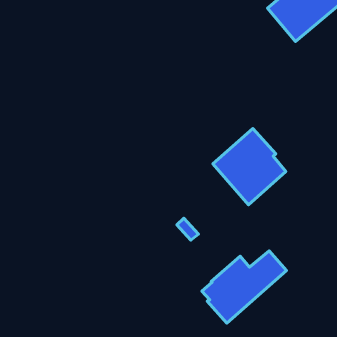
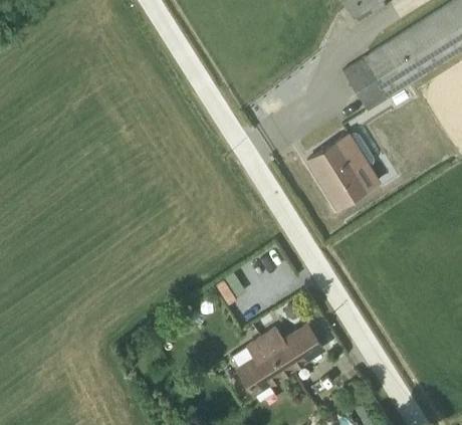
building: [213,128,286,205] -> [307,129,383,208]

